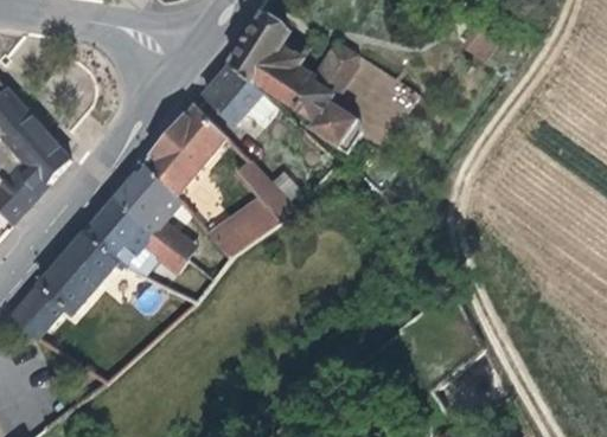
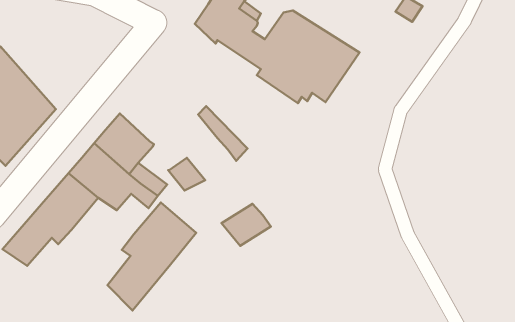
building: [203,60,276,124] -> none
building: [142,104,226,195] -> none
building: [219,192,276,240] -> [222,204,271,246]
building: none -> [107,202,196,310]

